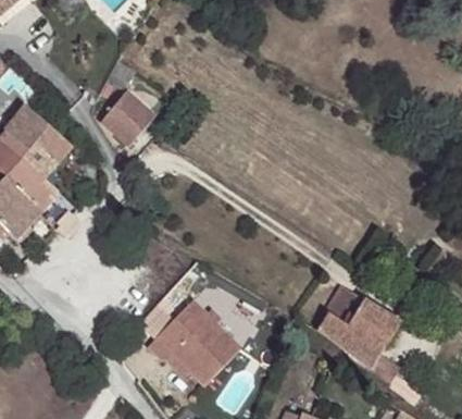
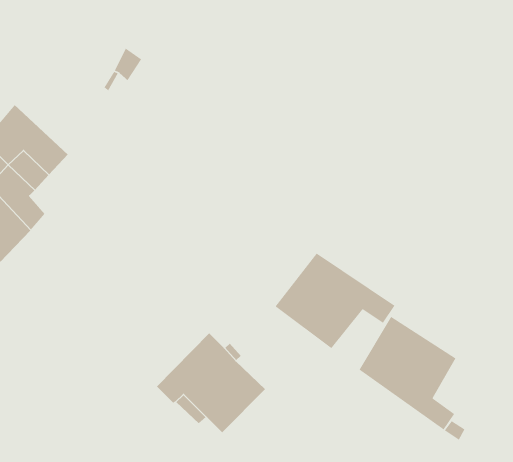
building: [101,93,153,145] -> none
building: none -> [274,253,396,349]

